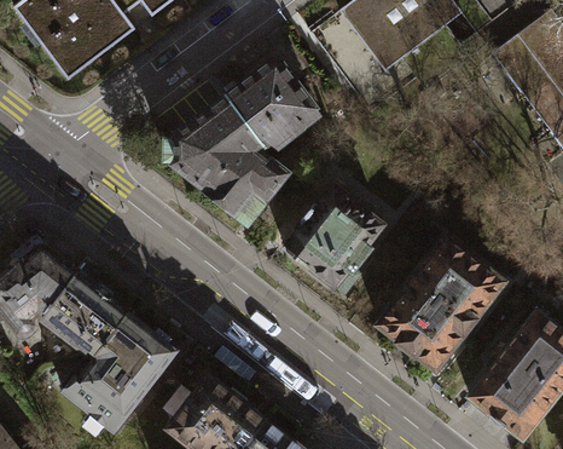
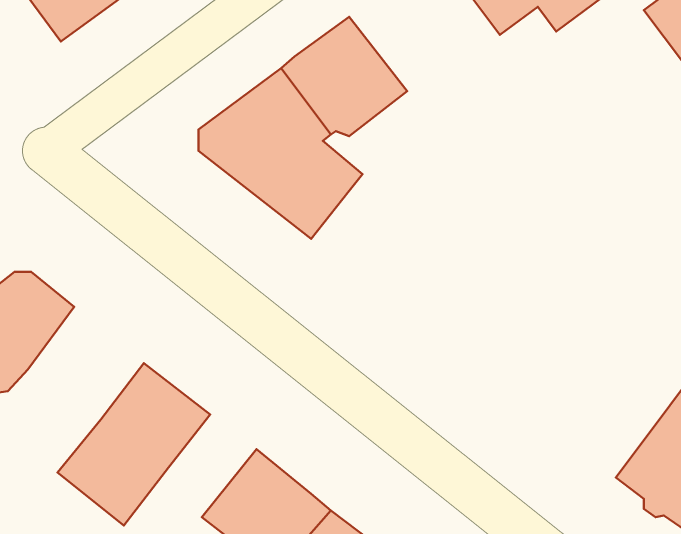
building: [284,185,382,294] -> none
building: [379,242,498,370] -> none
building: [42,271,127,353] -> none

